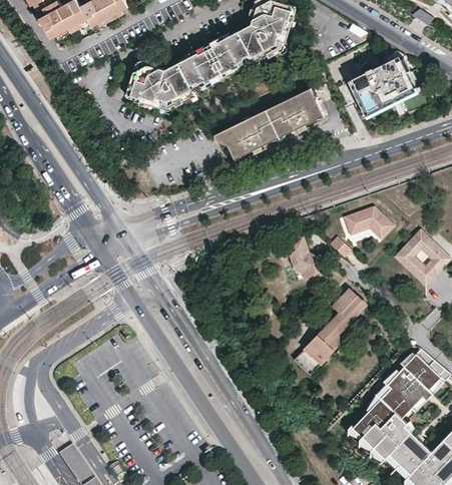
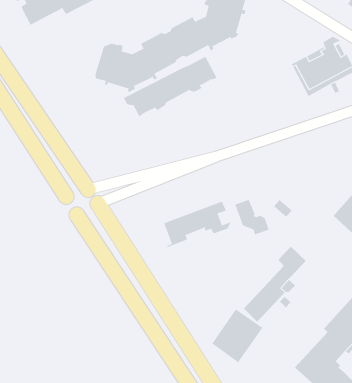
building: [214,89,322,158] -> [123,56,217,117]
building: [341,204,392,237] -> none
building: none -> [163,201,232,248]
building: none -> [211,309,263,363]

